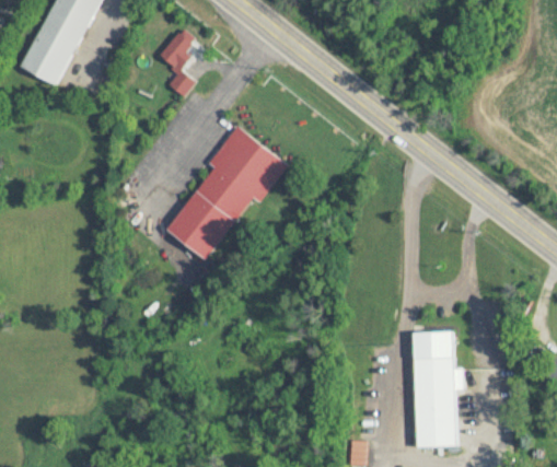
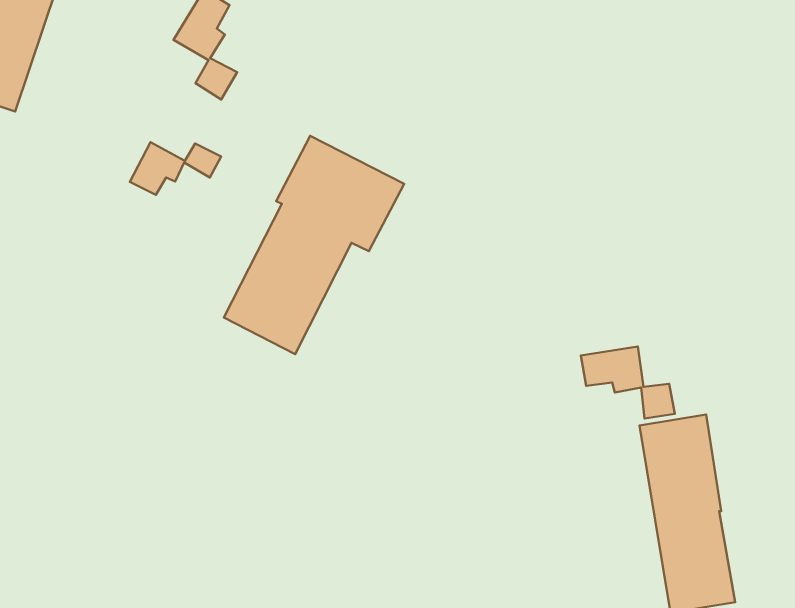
building: none -> [130,142,221,195]
building: none -> [581,346,675,418]

